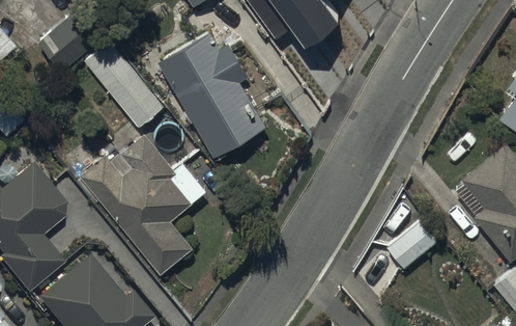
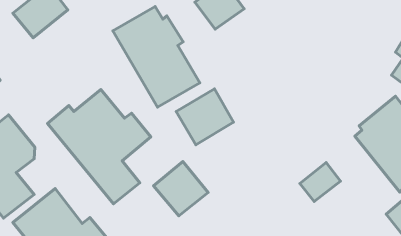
building: [85,42,165,128] -> none
building: none -> [176,89,233,145]
building: none -> [153,161,208,216]

